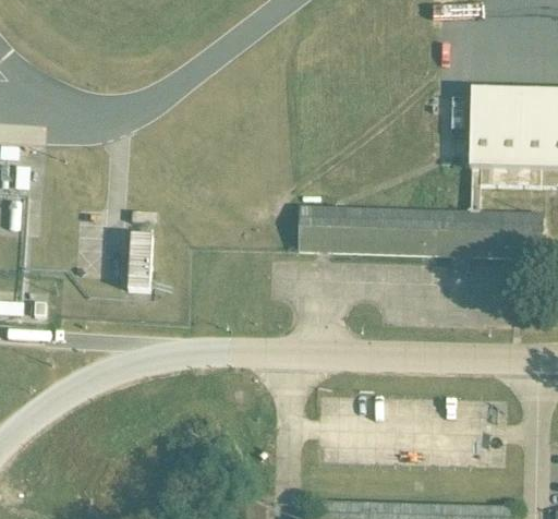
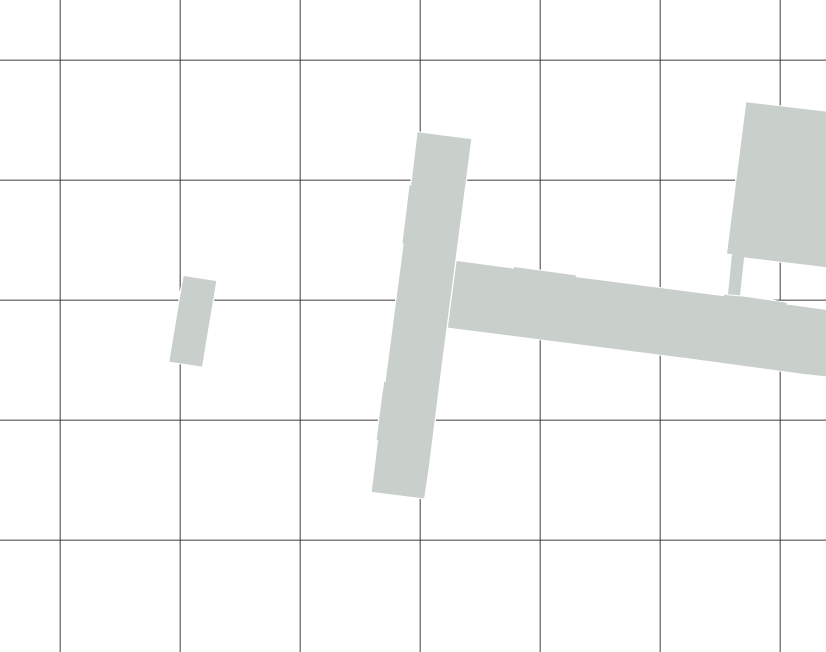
building: none -> [371,131,472,499]

